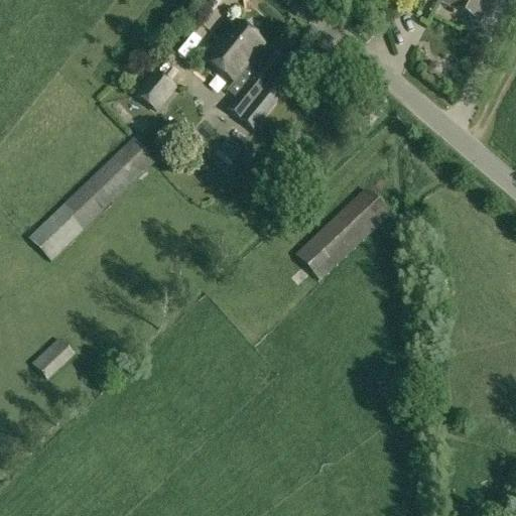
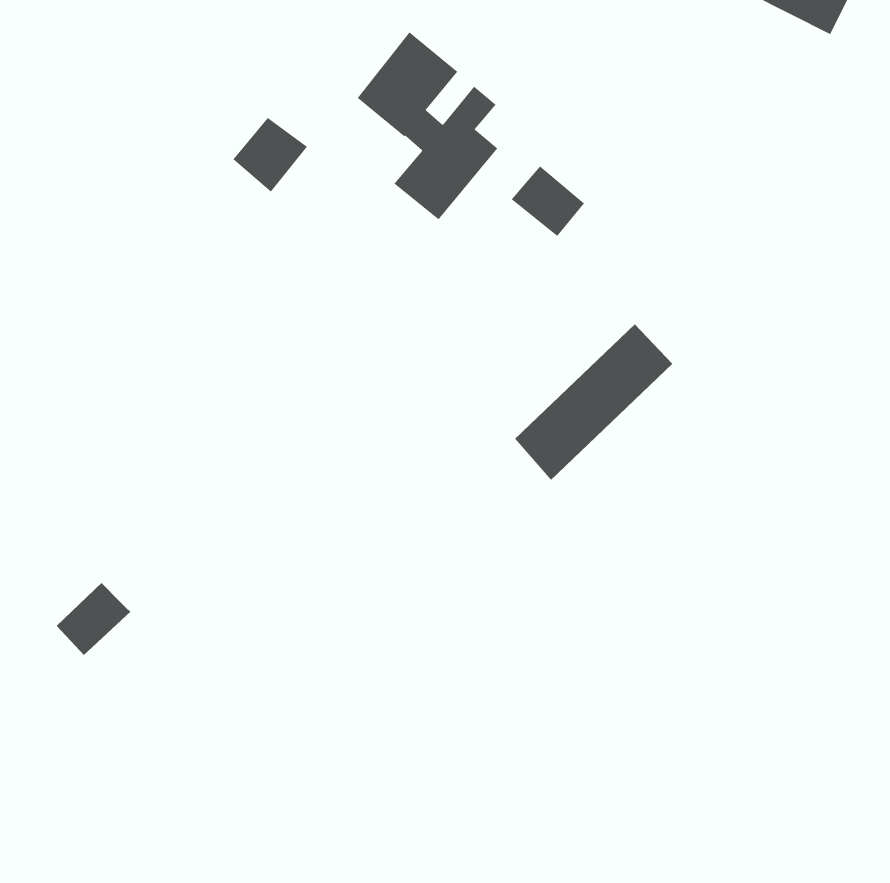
building: none -> [511,166,585,237]
building: [30,135,157,258] -> none

